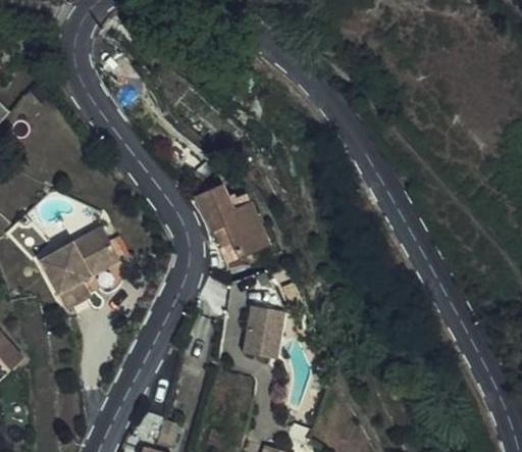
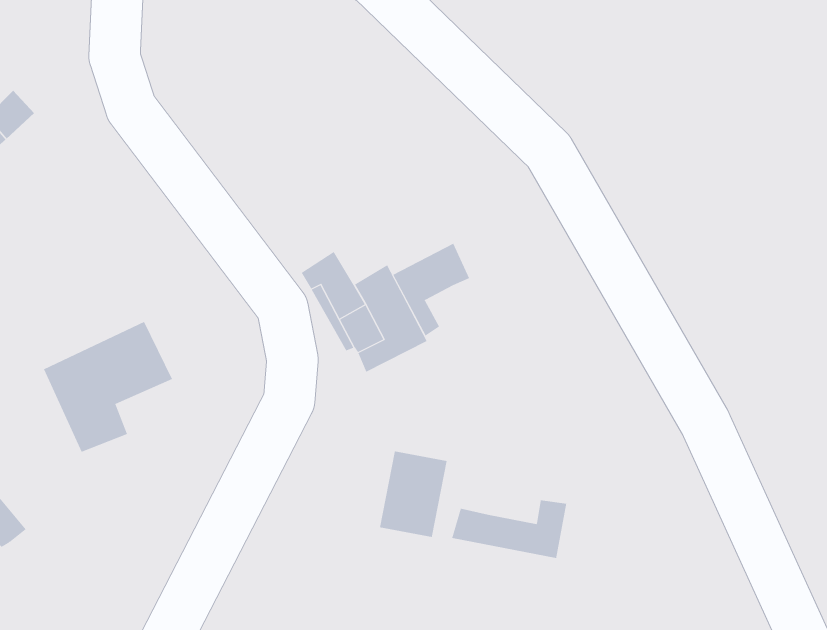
building: none -> [393,243,470,336]
building: none -> [452,499,567,559]

